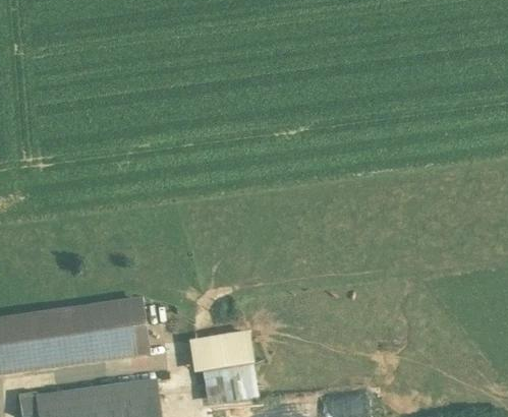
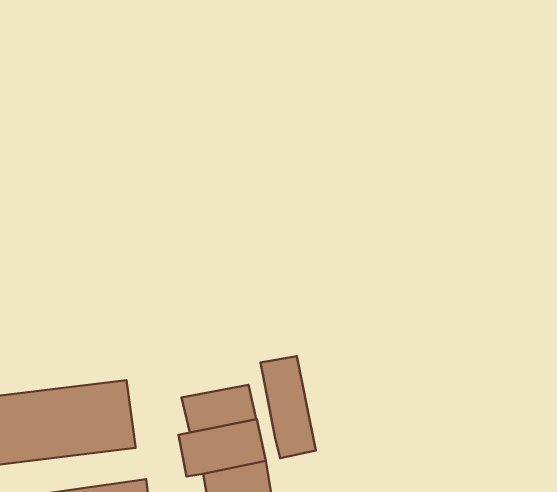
building: none -> [261,356,316,458]
building: none -> [182,385,256,433]

